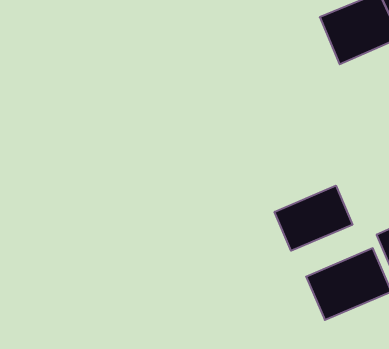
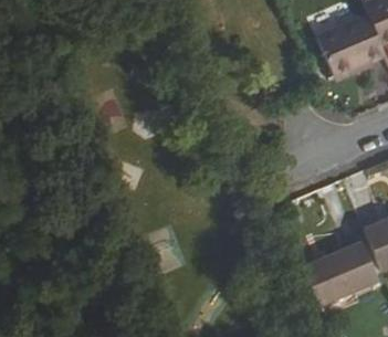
building: [275,186,352,251] -> none

